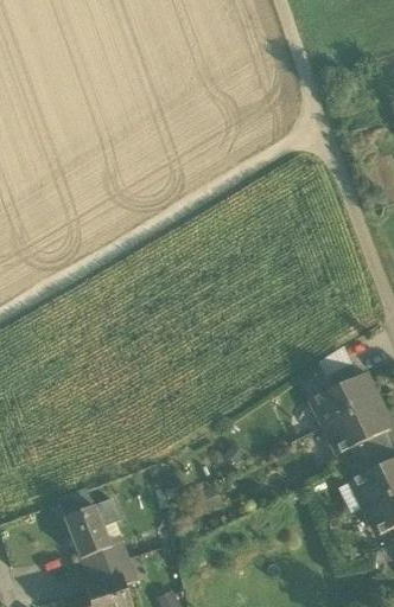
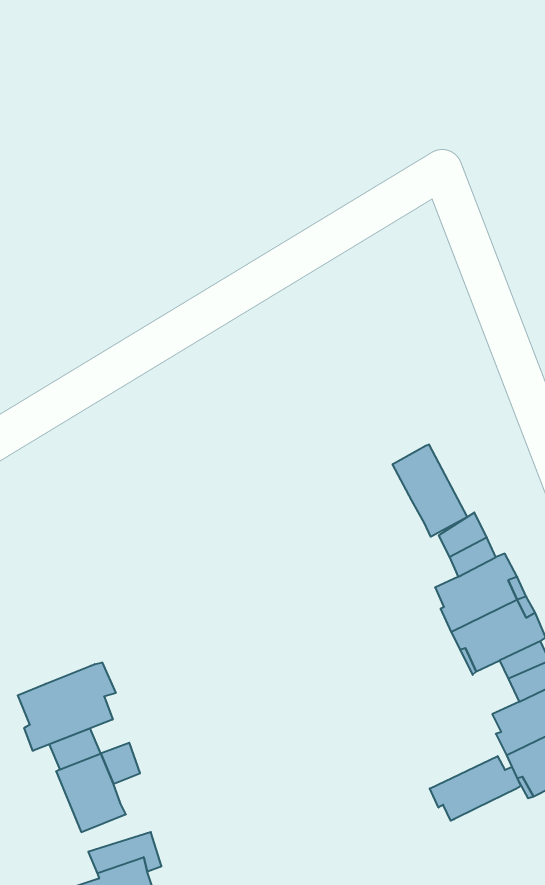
building: none -> [393,444,467,537]
building: none -> [18,662,116,751]
building: none -> [430,756,521,821]
building: [82,536,128,573] -> none

